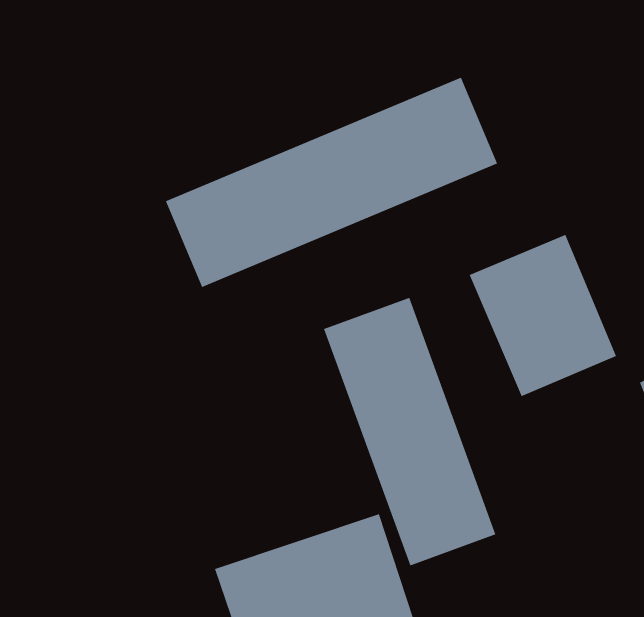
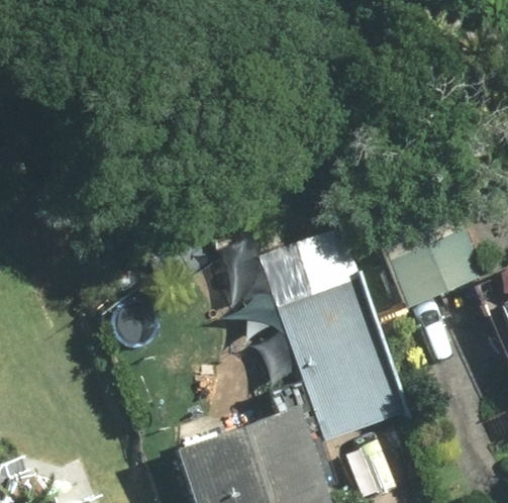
building: [165,77,498,288] -> none

